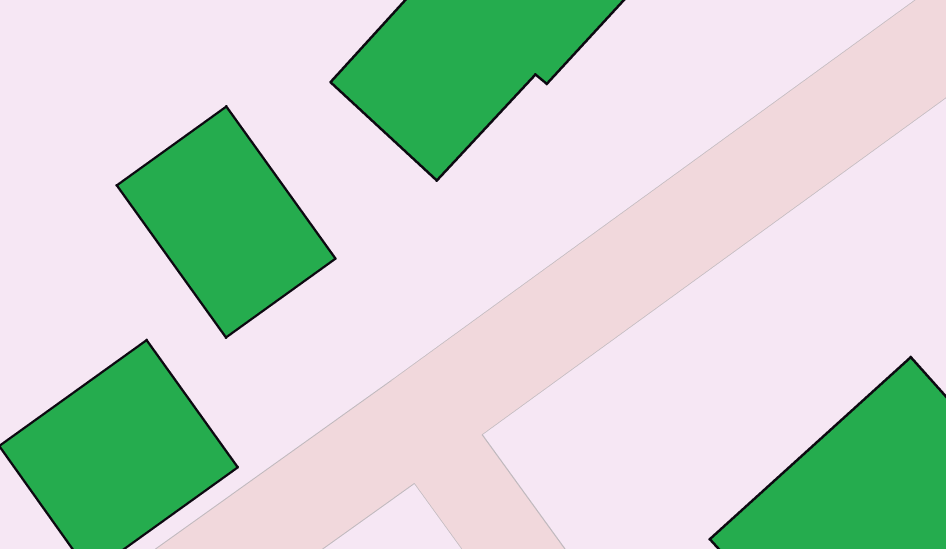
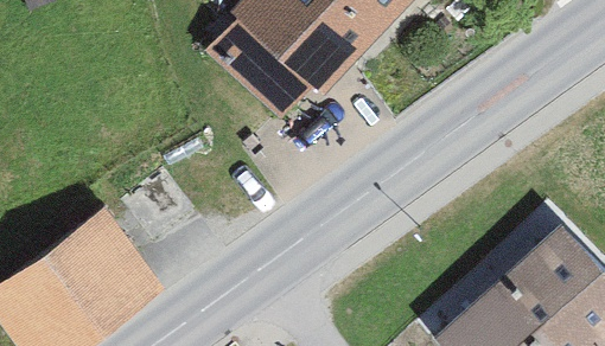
building: [117,106,335,338] -> none

